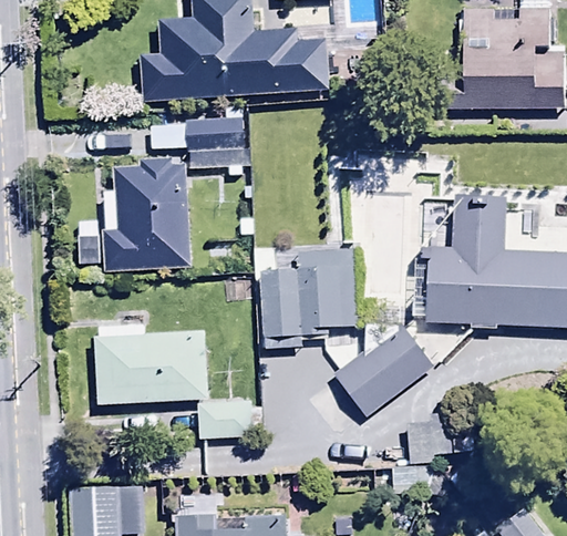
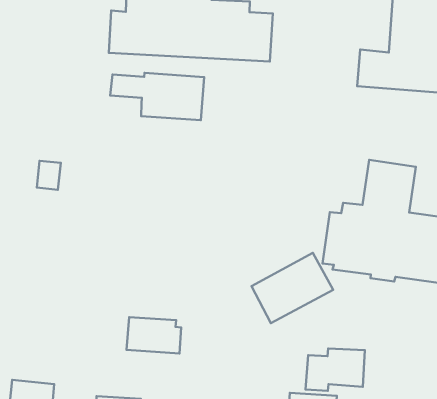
building: [103,156,190,271] -> none
building: [261,249,358,349] -> none
building: [93,298,208,384] -> none

